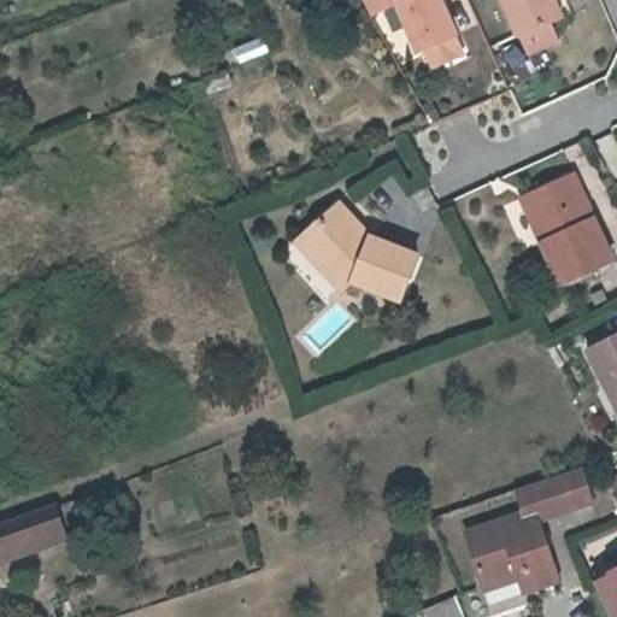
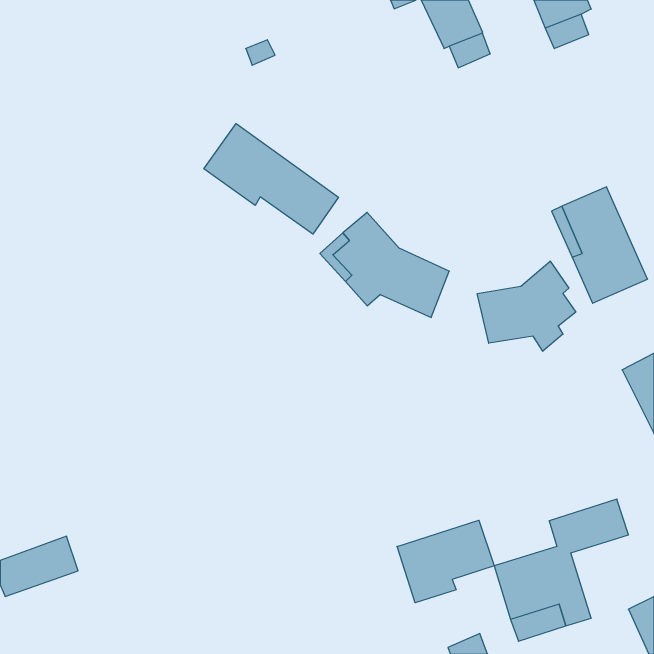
building: none -> [204,124,338,234]
building: none -> [477,261,576,351]
building: none -> [397,520,494,603]

